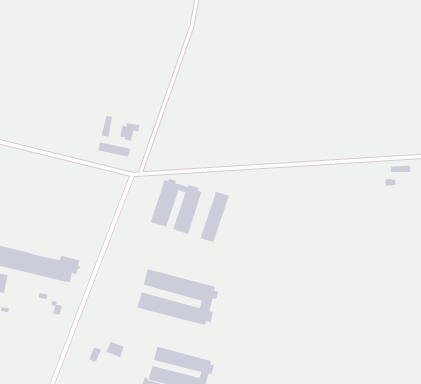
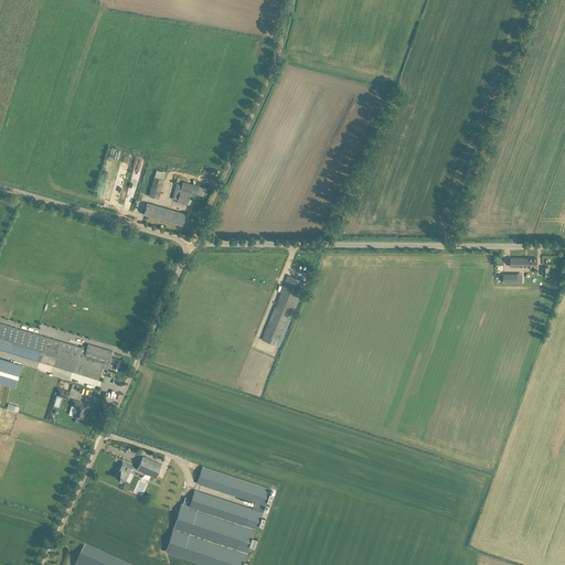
building: [150,178,202,235] -> none
building: [137,269,219,326] -> none

